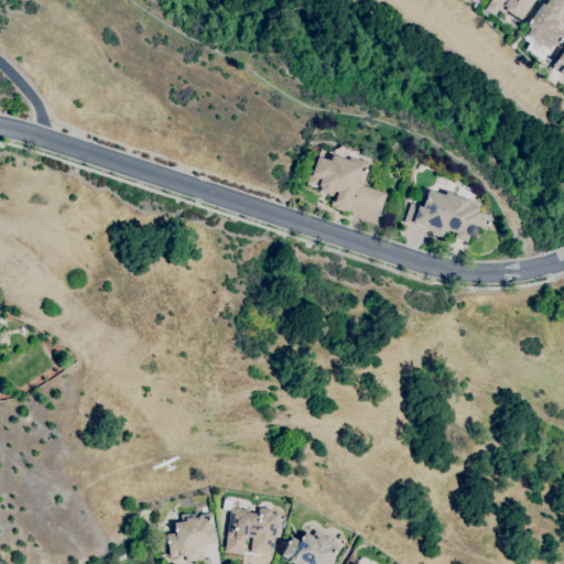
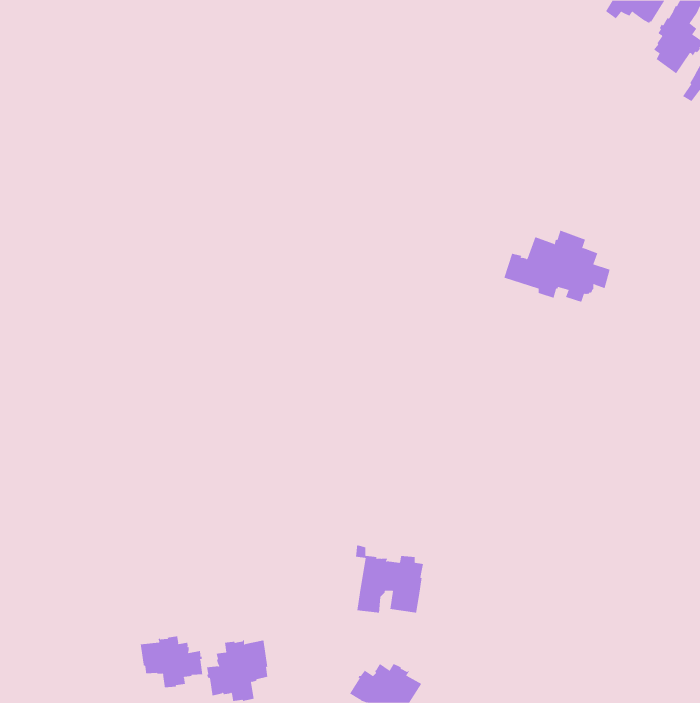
building: [307,154,388,212] -> none
building: [225,499,280,554] -> [355,544,424,613]
building: none -> [140,635,203,688]

